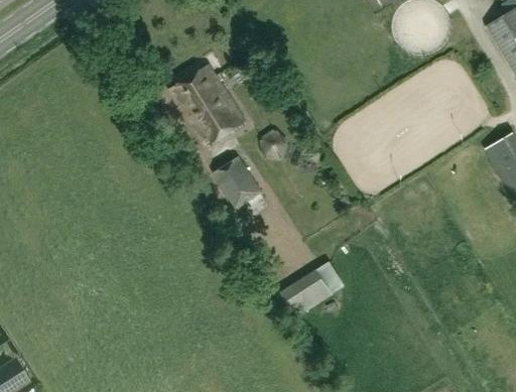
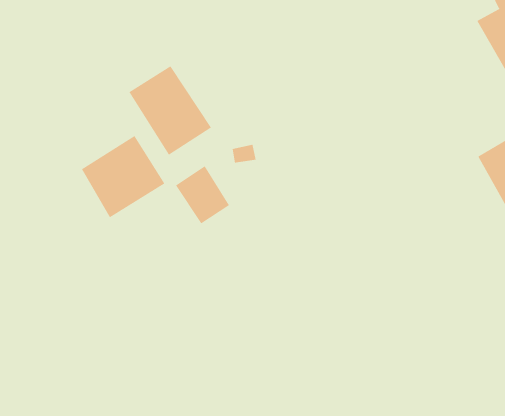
building: none -> [81,135,165,218]
building: [280,268,332,316] -> none

